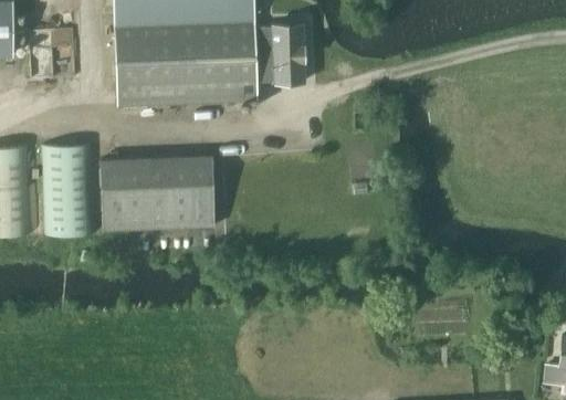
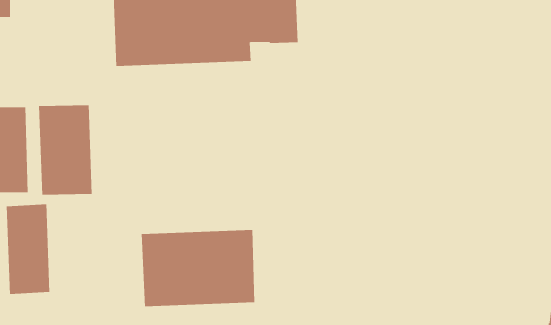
building: [97,154,213,232] -> [141,229,255,307]
building: none -> [6,203,50,295]

